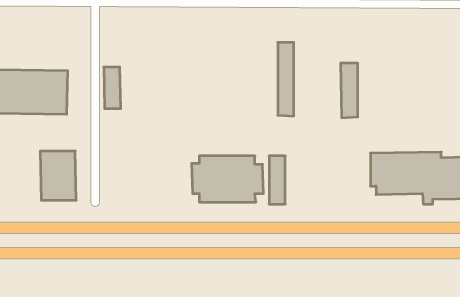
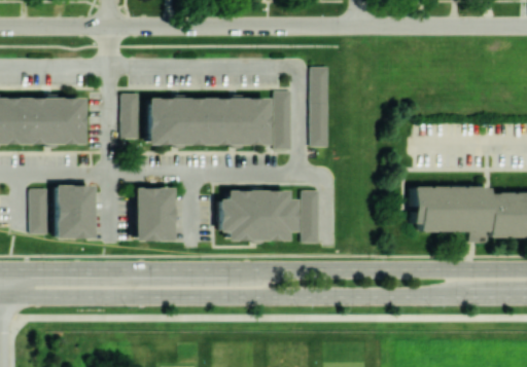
building: [341,63,358,118] -> [274,90,292,150]
building: none -> [146,98,268,145]
building: none -> [133,187,172,242]
building: none -> [30,188,48,233]

